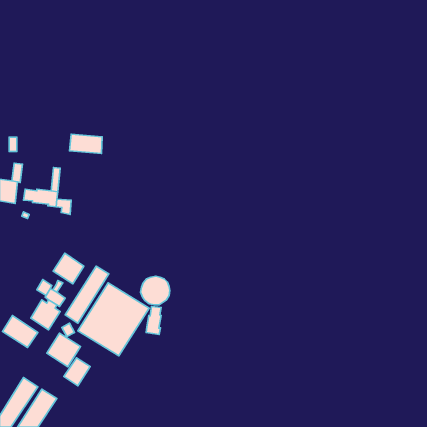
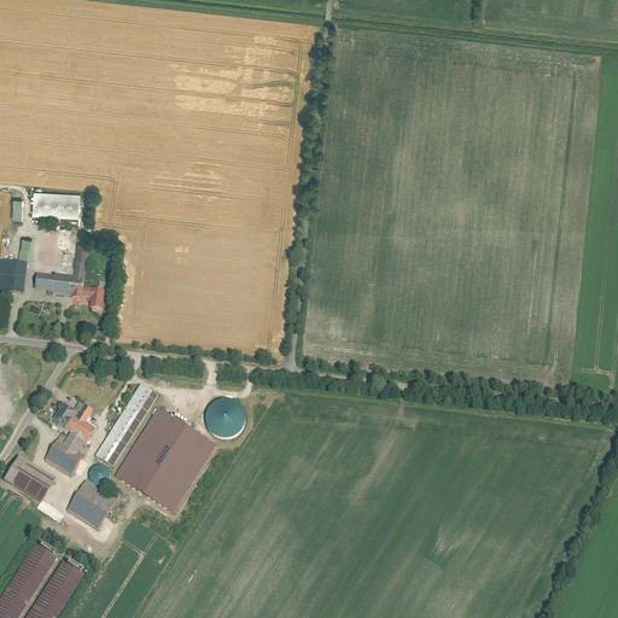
building: [70,134,102,153] -> [31,190,78,217]
building: [53,253,84,284] -> none
building: [146,306,161,335] -> none
building: [64,358,90,386] -> none

